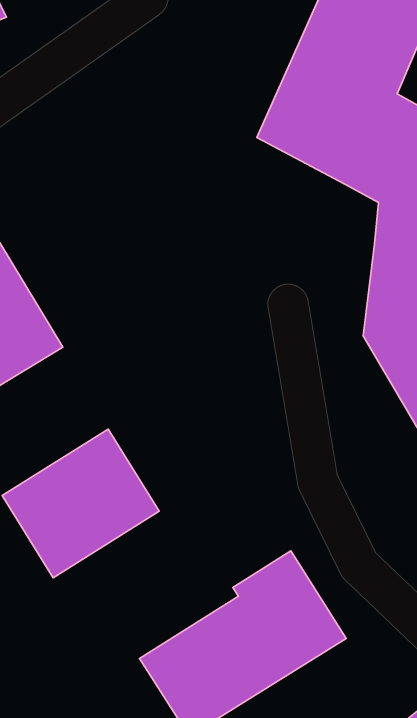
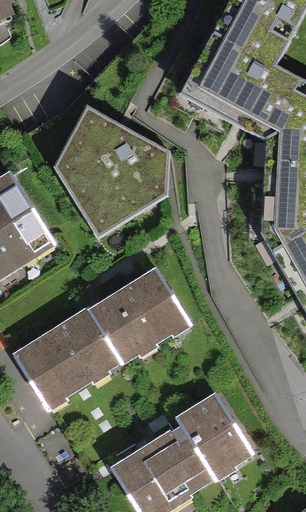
building: none -> [54,123,175,247]
building: none -> [87,265,188,362]

